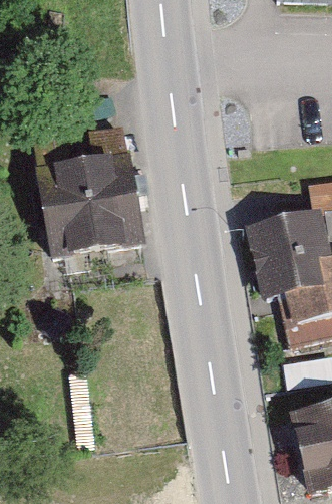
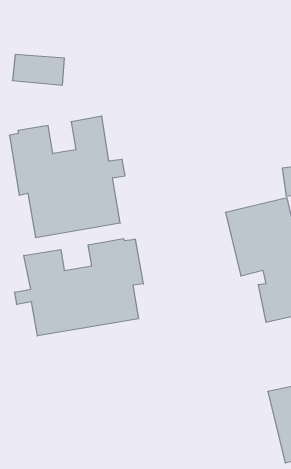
building: none -> [15,239,143,336]

